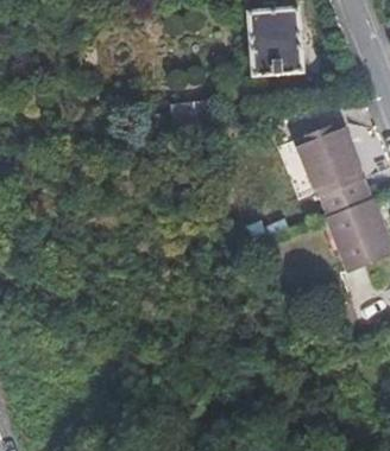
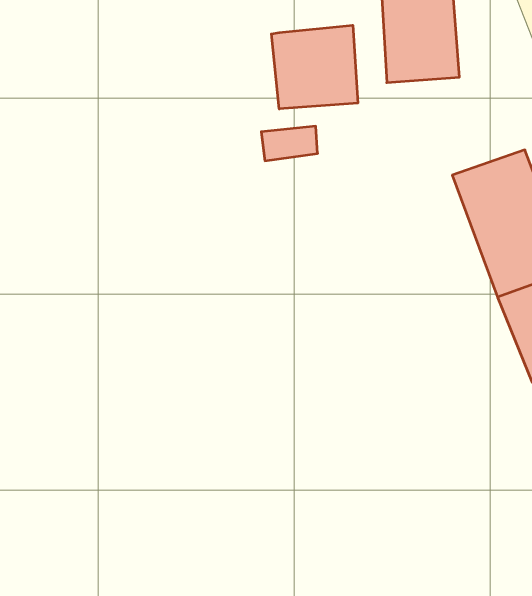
building: none -> [271,25,358,109]

